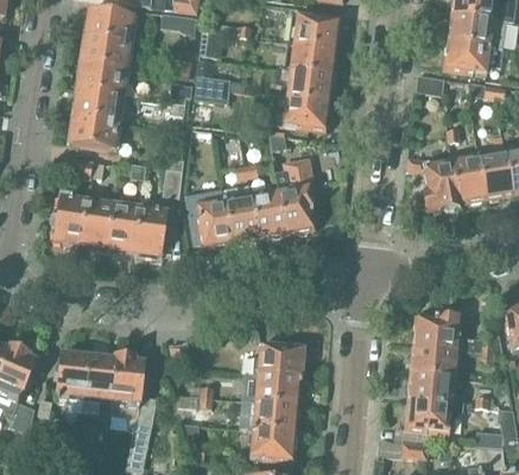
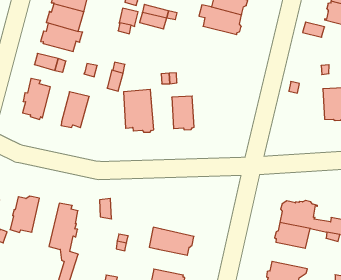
building: [262,95,329,131] -> none
building: [422,162,458,209] -> none
building: [273,167,312,233] -> none
building: [220,184,257,243] -> none
building: [80,201,112,251] -> none
building: [132,208,166,256] -> none
building: [257,342,304,379] -> none
building: [82,352,115,420] -> none
building: [406,374,457,405] -> none
building: [252,401,297,432] -> none

